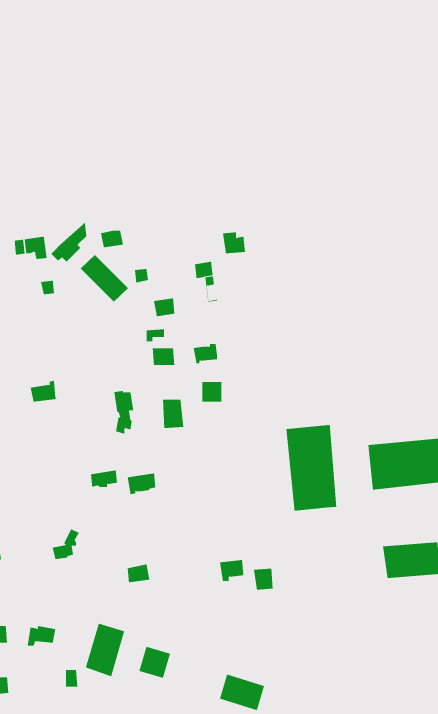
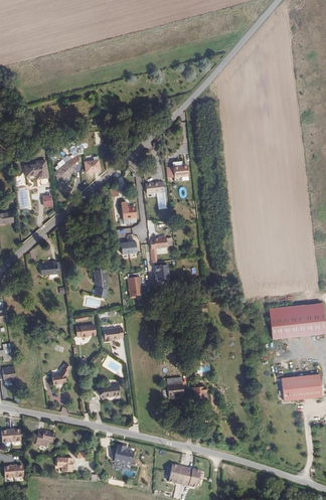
building: [80,254,129,303] -> none
building: [286,424,337,512] -> none
building: [85,623,125,677] -> none

